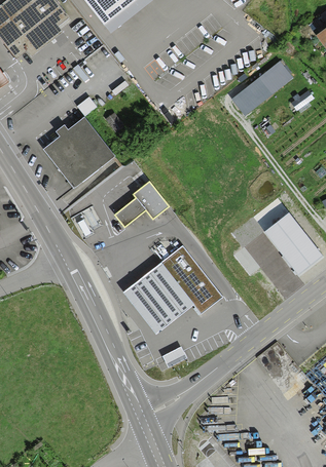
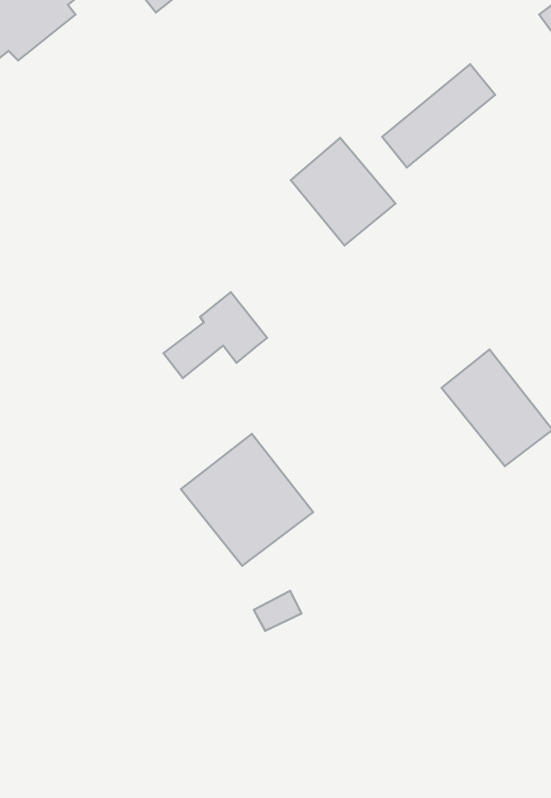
building: none -> [291,138,395,245]
building: [44,116,116,188] -> none
building: [158,240,219,308] -> none

